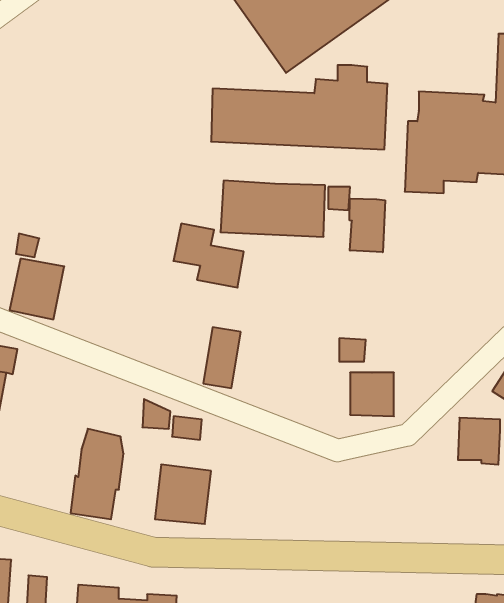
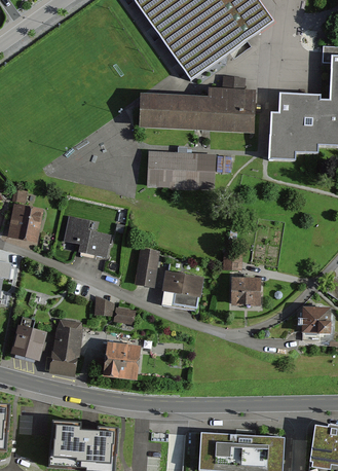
building: [350,198,385,252] -> none
building: [173,224,244,288] -> [65,216,111,258]
building: none -> [163,271,204,307]
building: none -> [10,314,47,358]

